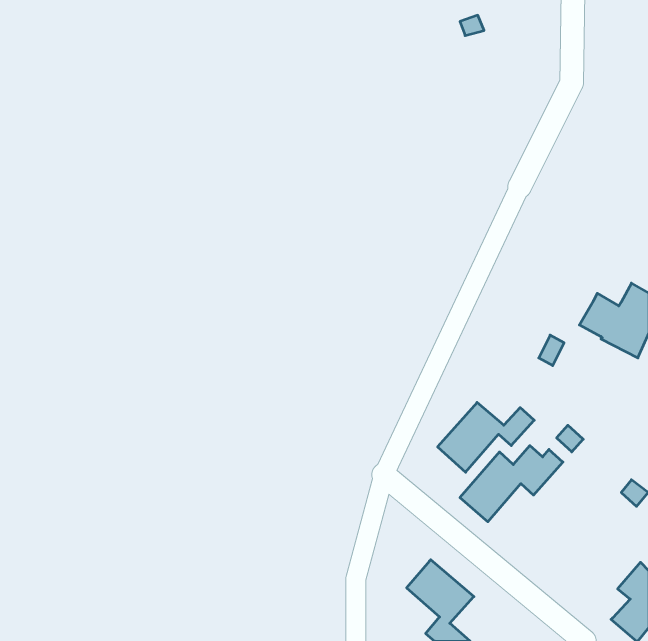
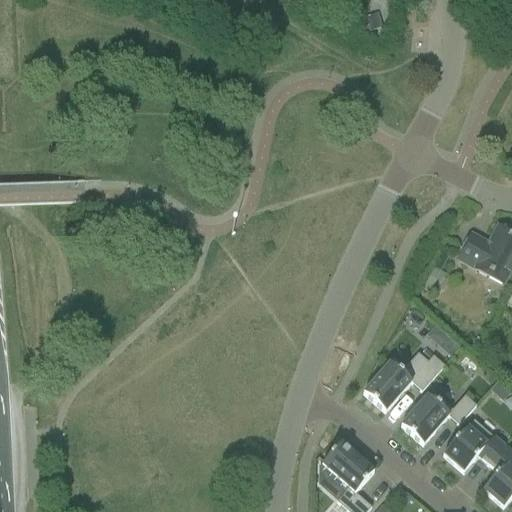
building: [438,402,534,472] -> [400,389,476,444]
building: none -> [443,418,505,472]

